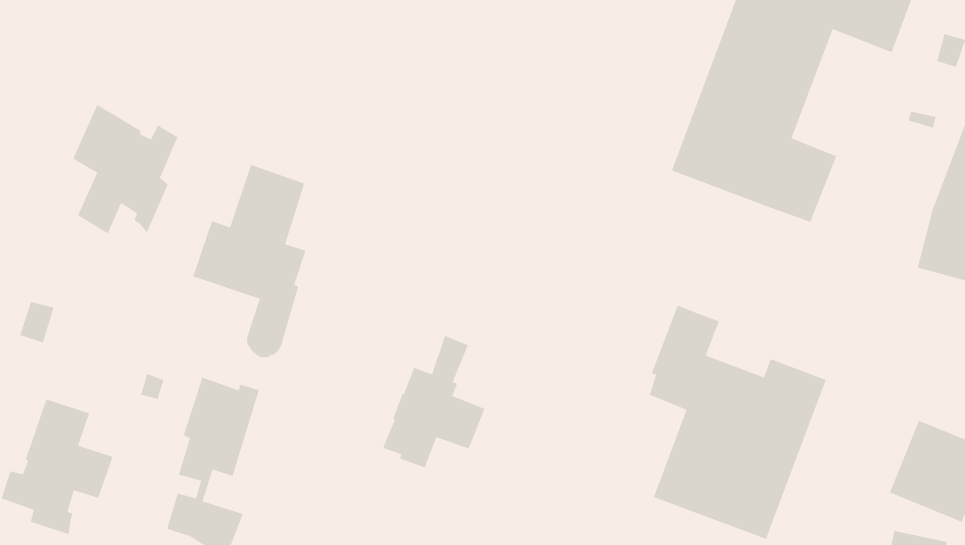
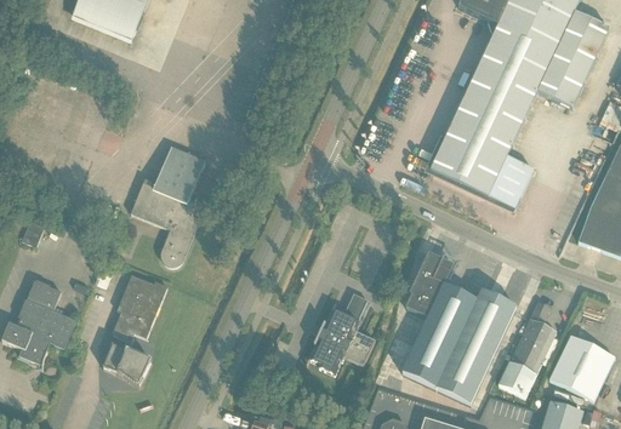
building: [72,104,178,235] -> none
building: [382,335,486,469] -> [309,292,375,373]
building: none -> [498,302,557,396]

